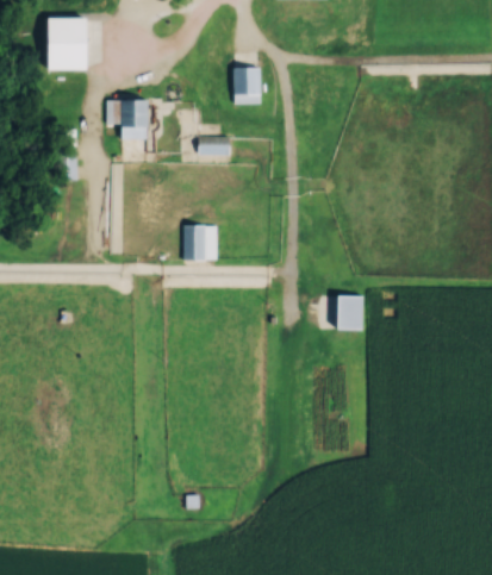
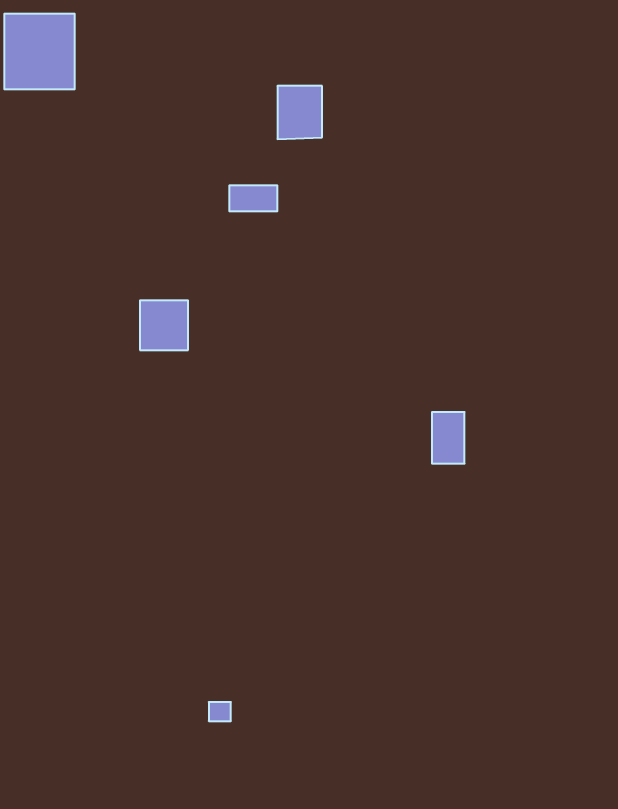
building: [104,100,150,140] -> none
building: [183,224,217,258] -> [140,300,188,350]

